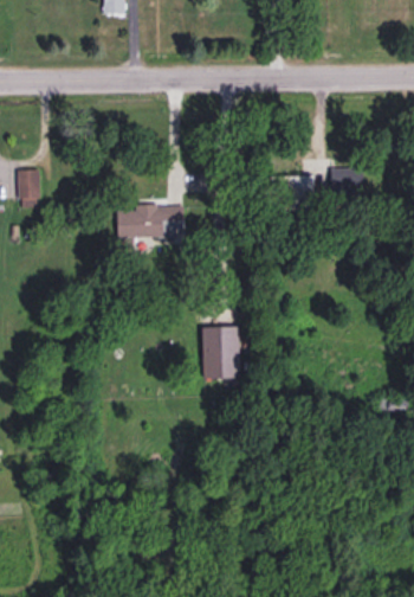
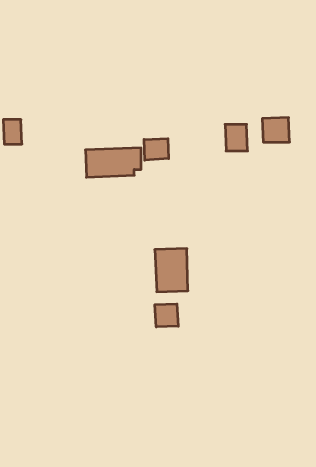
building: none -> [144,139,169,160]
building: none -> [155,304,178,327]

